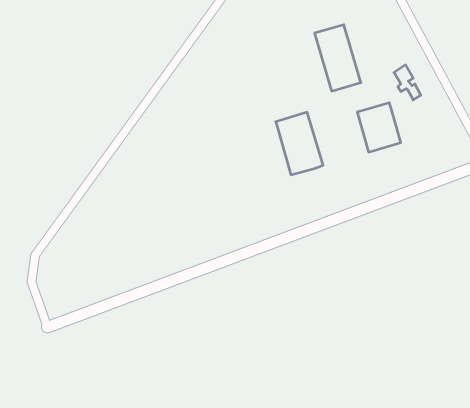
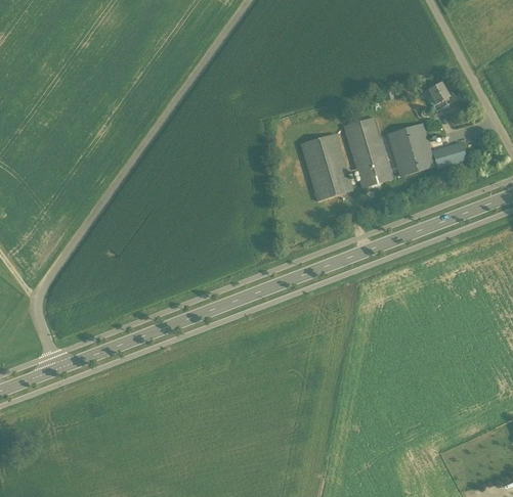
building: [315,25,361,91] -> [342,116,392,187]
building: none -> [432,141,466,168]

